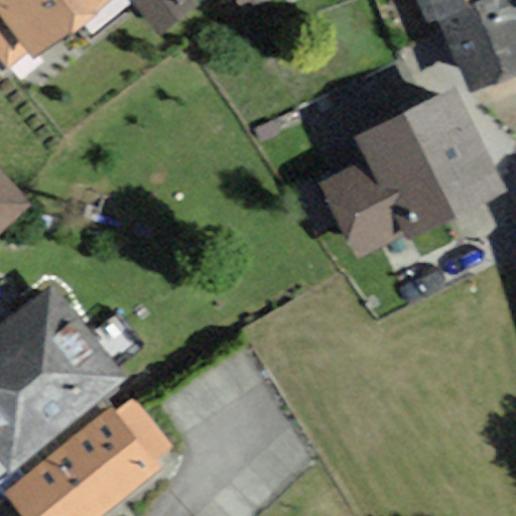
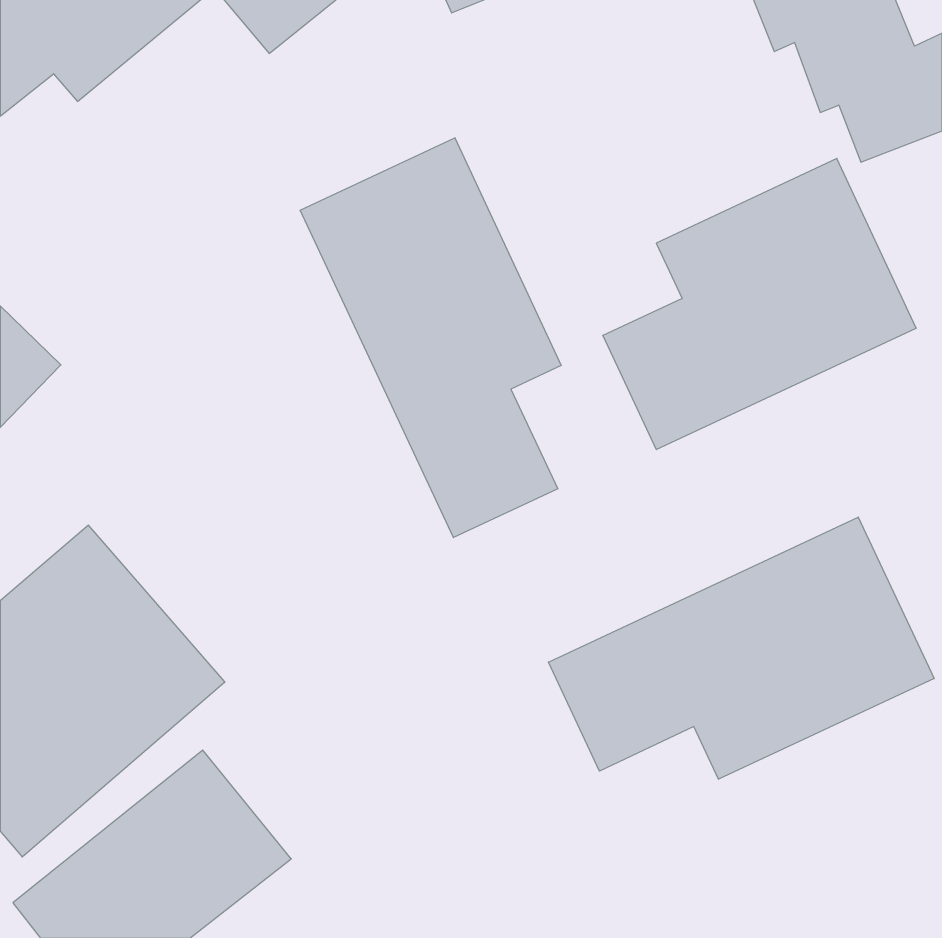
building: none -> [300,138,561,538]
building: none -> [548,517,934,779]

